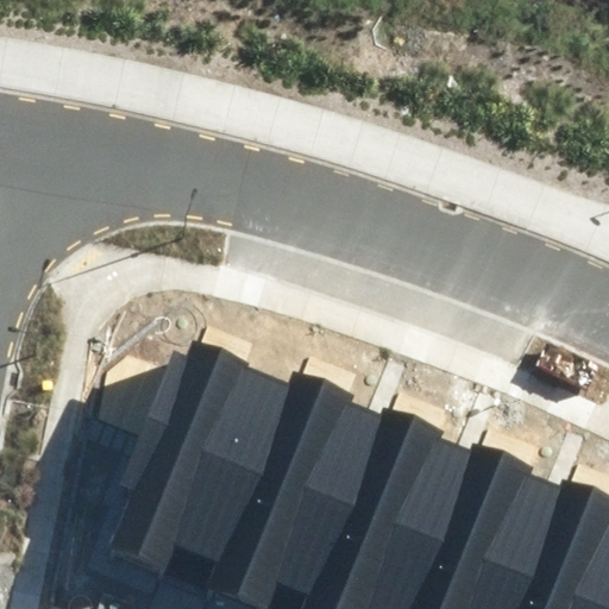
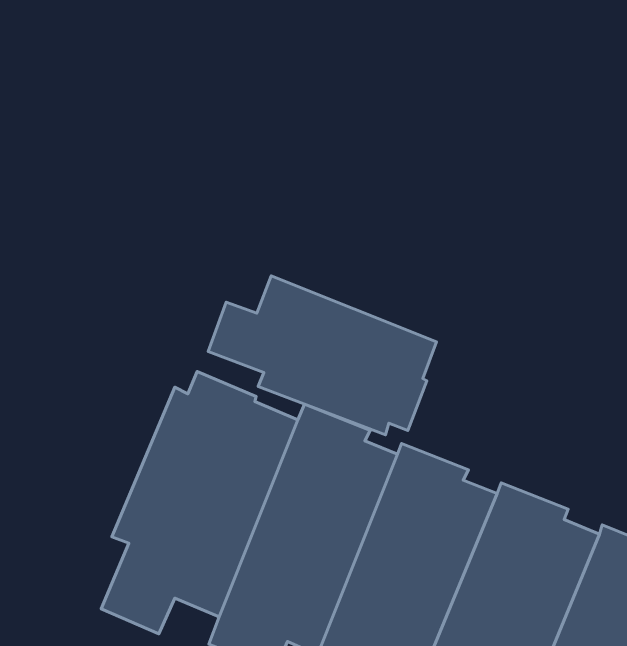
building: none -> [208,276,436,435]

